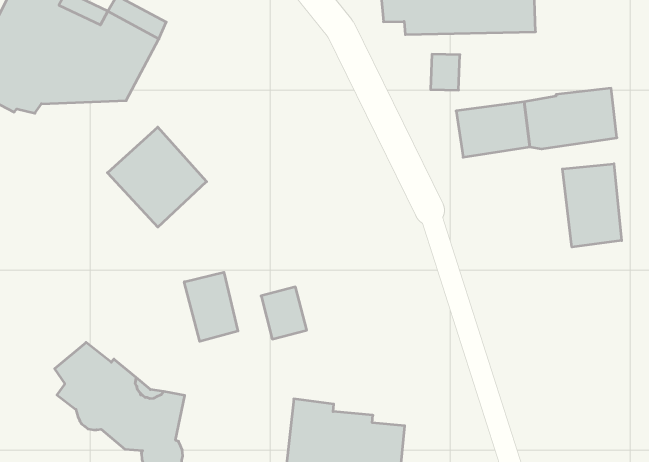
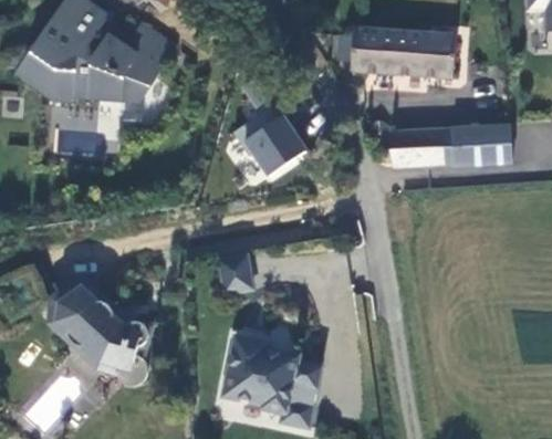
building: [107,127,207,227] -> [228,102,302,177]
building: [562,164,622,247] -> none
building: [184,272,238,341] -> none

